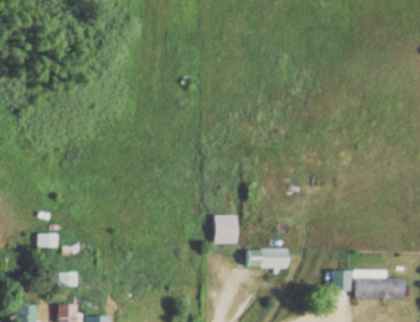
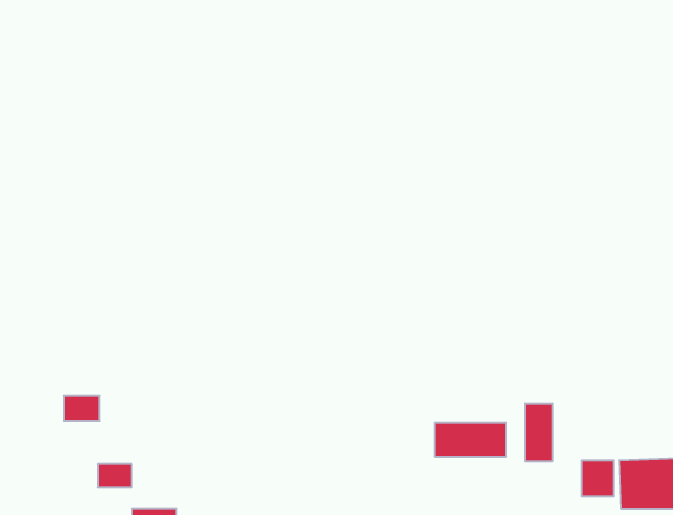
building: [216,216,238,244] -> none
building: none -> [525,403,552,461]

